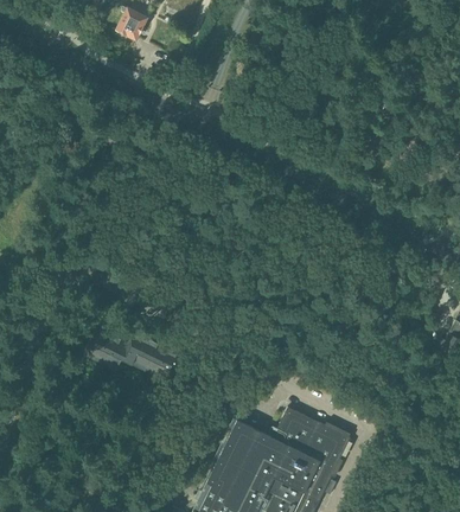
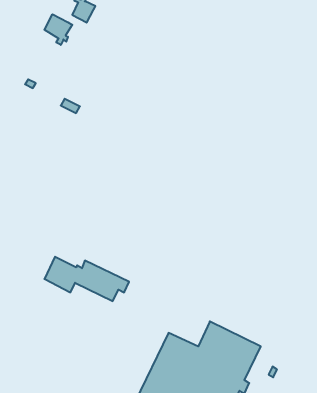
building: none -> [44,14,72,45]

